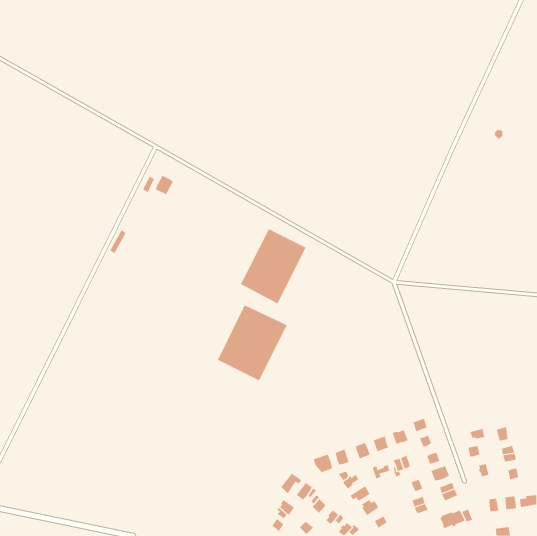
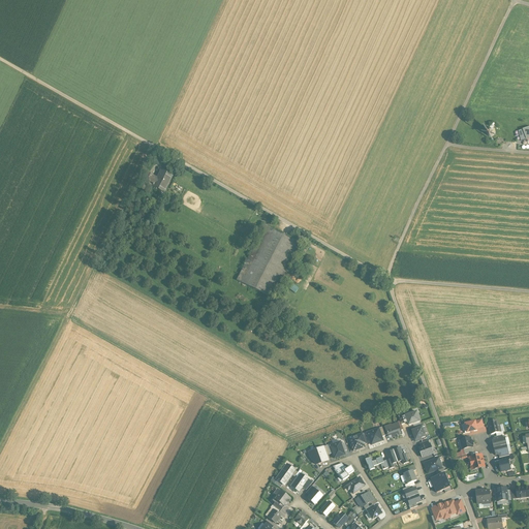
building: [217,304,288,381] -> none

